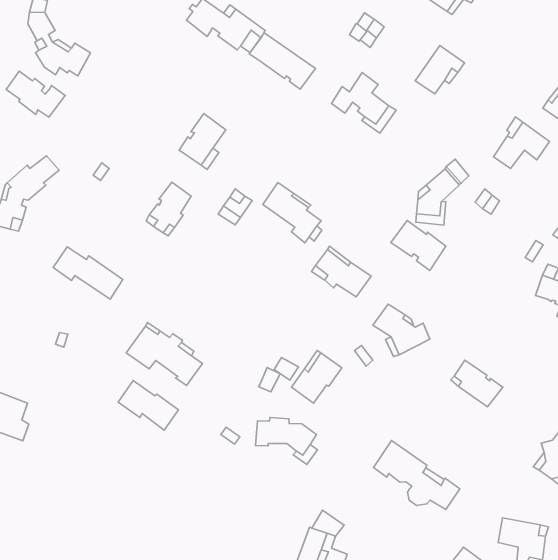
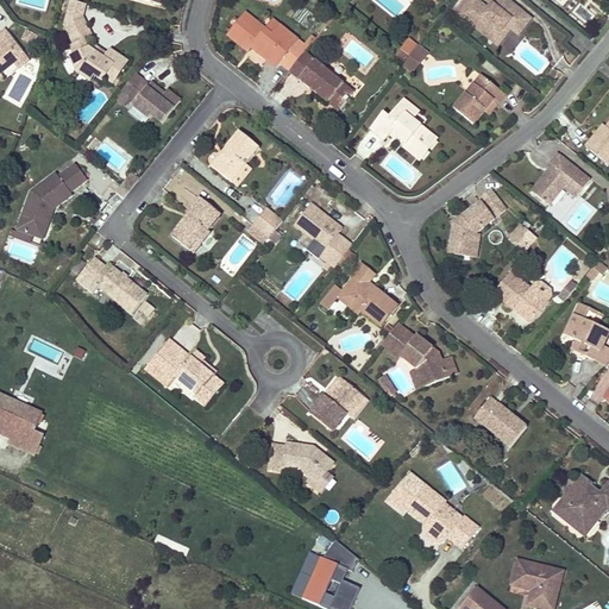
building: [6,71,65,117] -> [120,73,180,121]
building: [391,220,446,270] -> [494,270,550,322]
building: none -> [382,321,414,354]
building: [118,380,178,430] -> none

